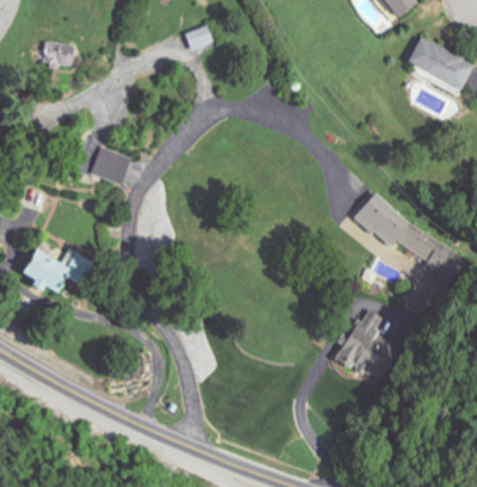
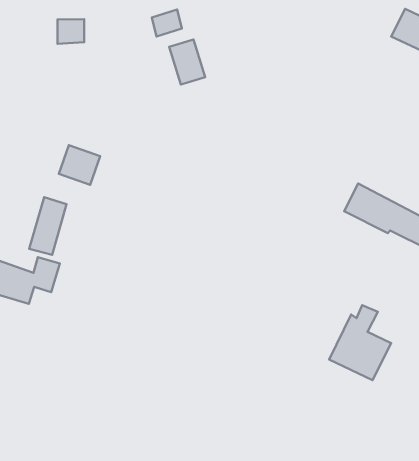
building: [48,43,74,66] -> [57,19,84,44]
building: none -> [169,40,205,84]
building: none -> [29,197,67,255]

